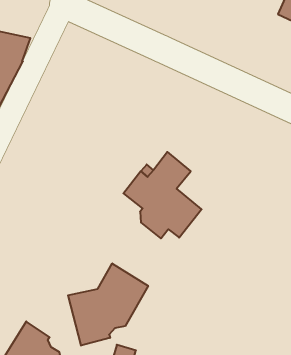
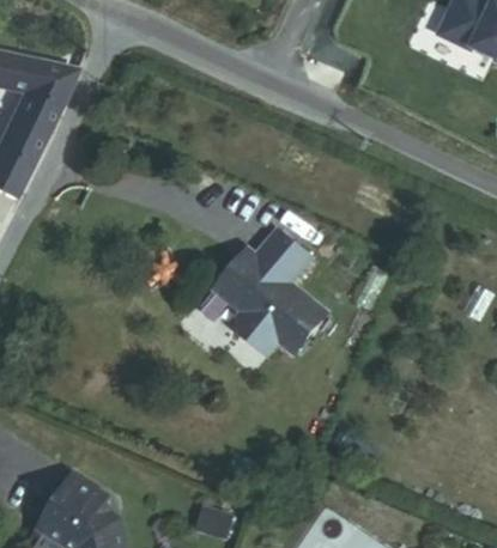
building: [68,263,148,346] -> none

